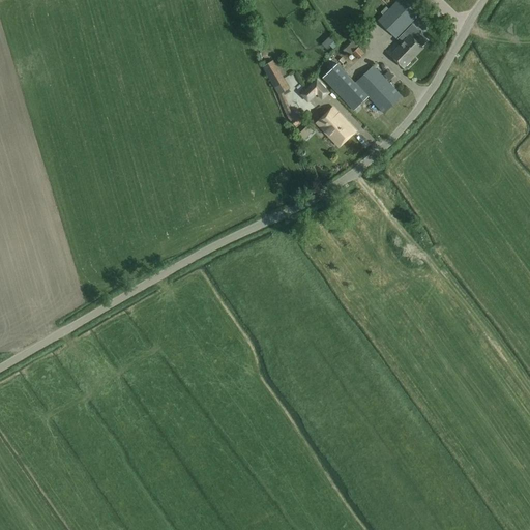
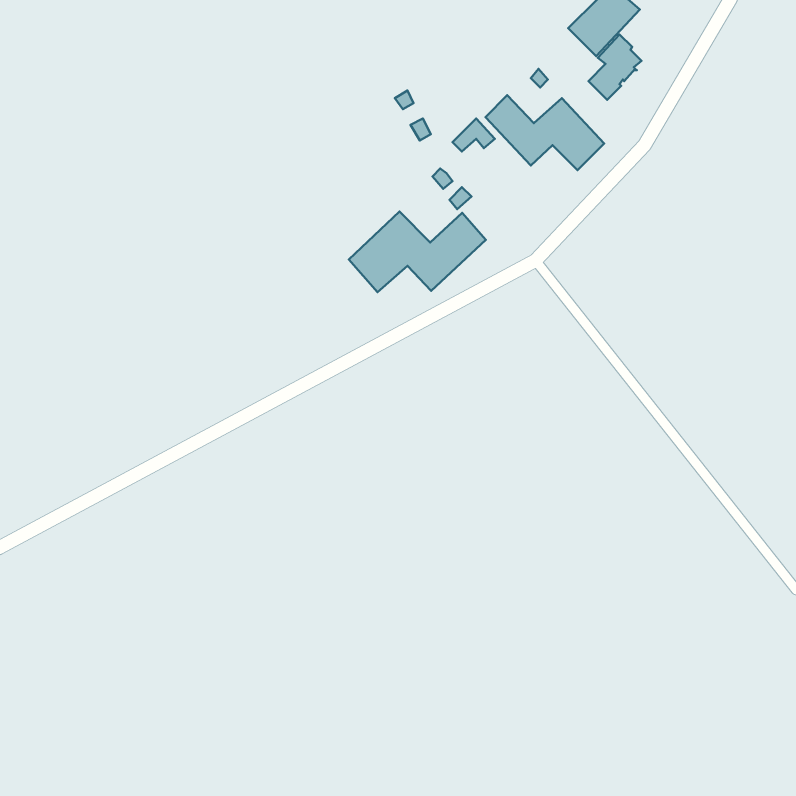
building: [315,107,354,146] -> none
building: none -> [349,211,486,292]

